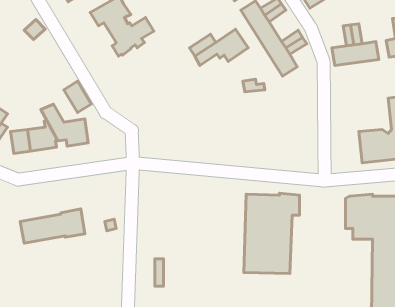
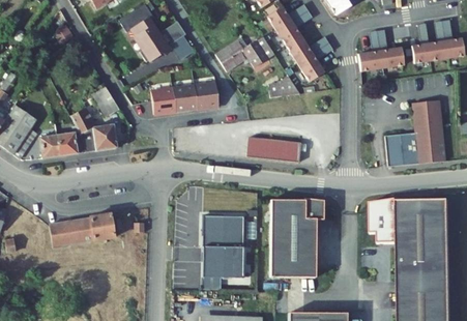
building: none -> [150,81,218,113]
building: none -> [246,137,301,162]
building: none -> [203,216,244,279]

